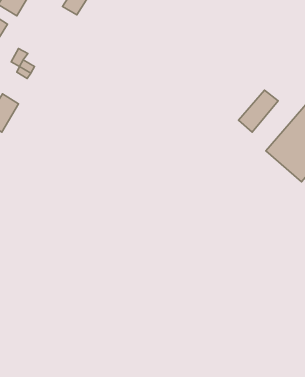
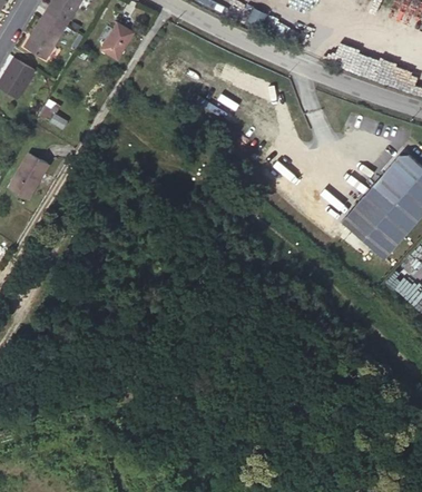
building: [238,90,278,132] -> none

